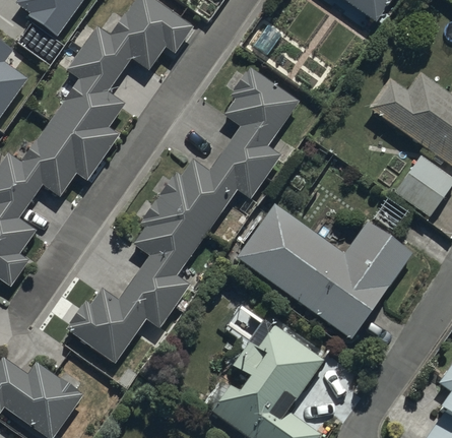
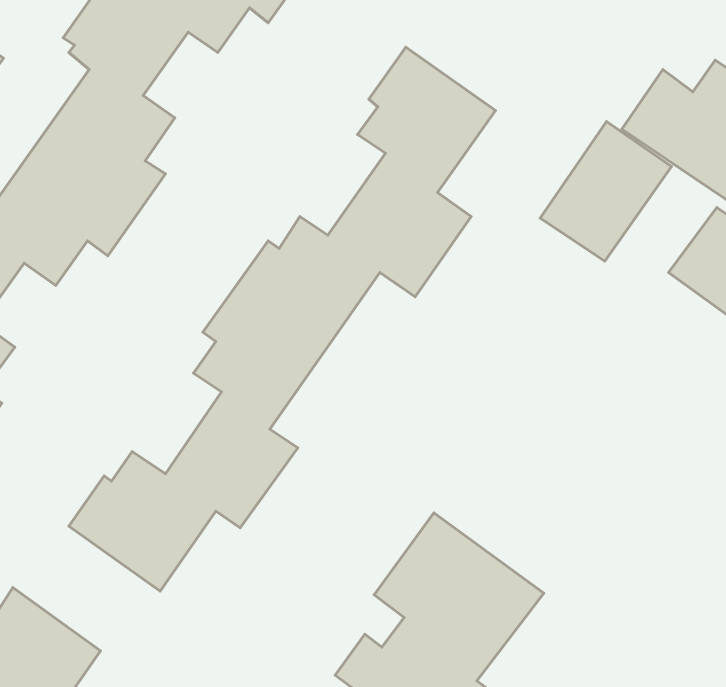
building: none -> [540,122,672,261]
building: [236,204,410,340] -> none

